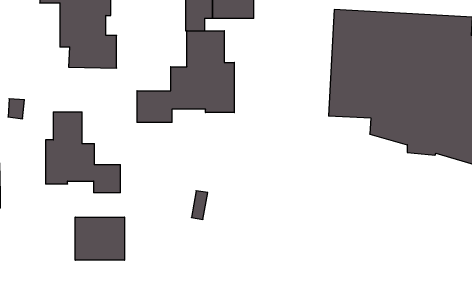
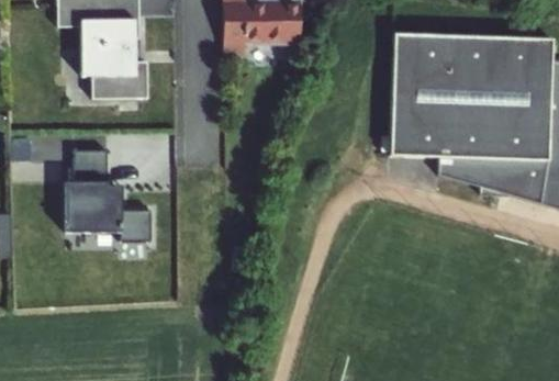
building: [137,31,234,122] -> none
building: [75,217,124,260] -> none

